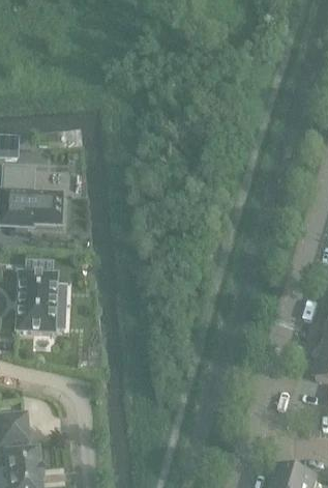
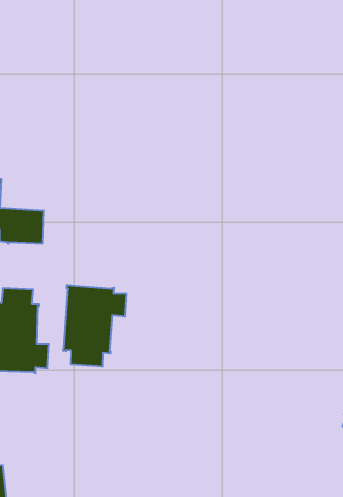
building: none -> [63,285,126,367]

